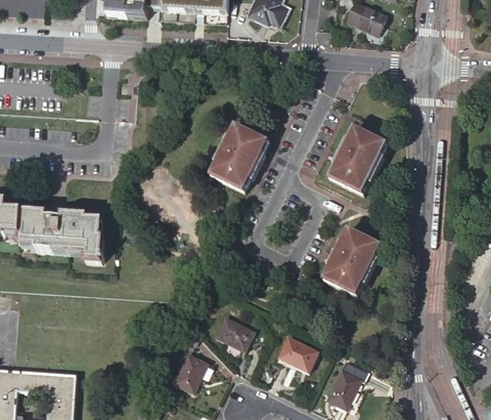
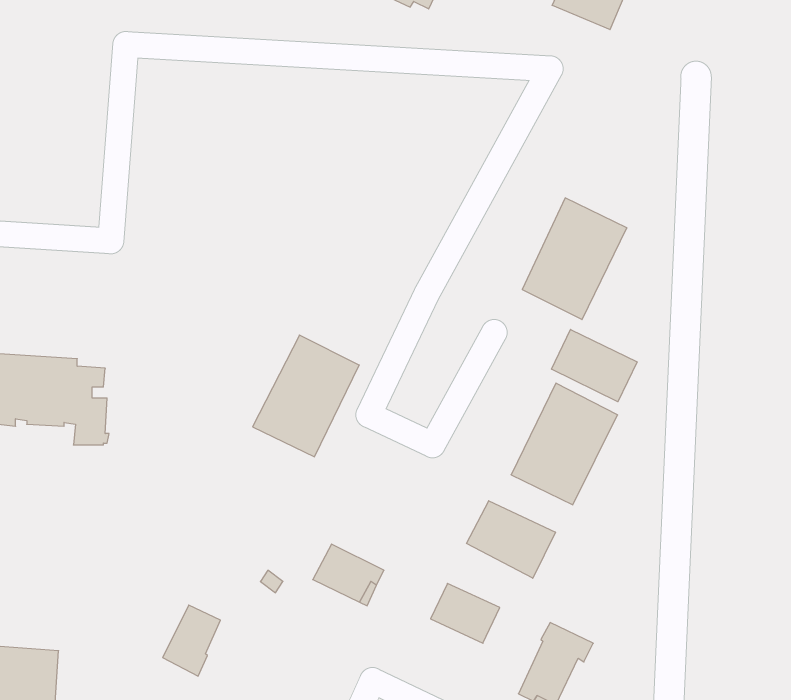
building: [210,125,268,192] -> [253,335,359,457]
building: none -> [552,329,637,402]
building: none -> [467,501,555,578]
building: [174,353,206,392] -> [163,605,220,676]

